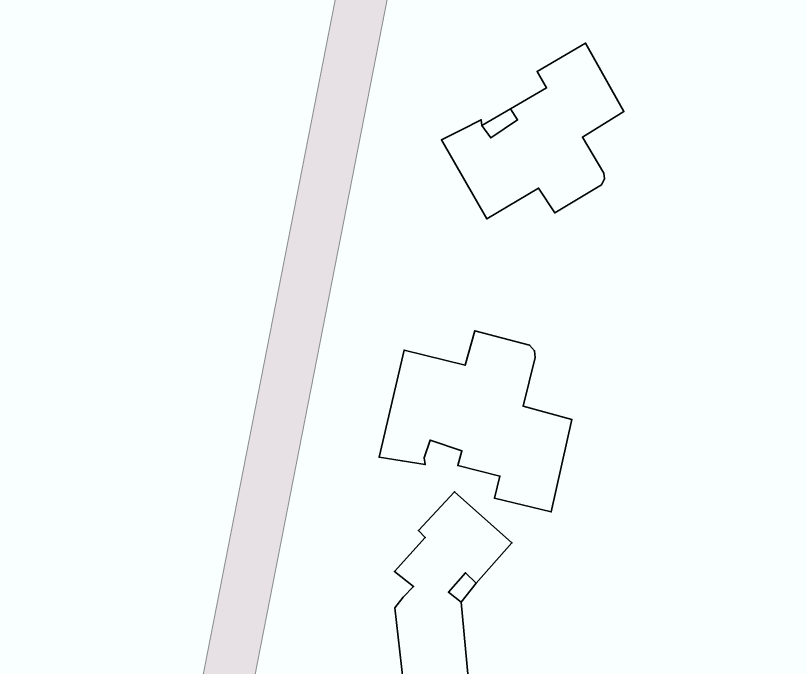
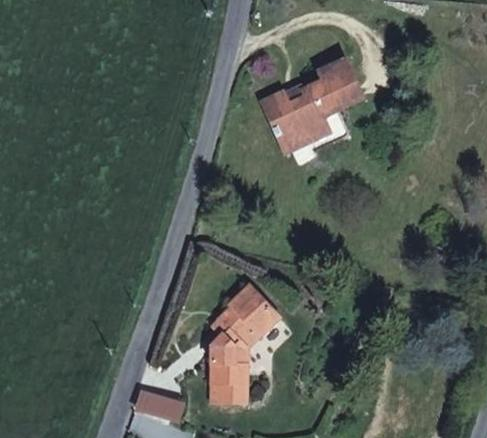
building: [379,331,572,512] -> none

